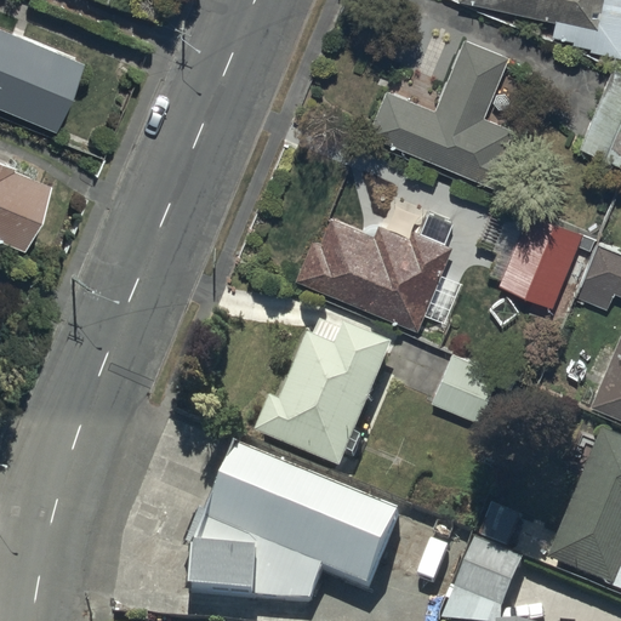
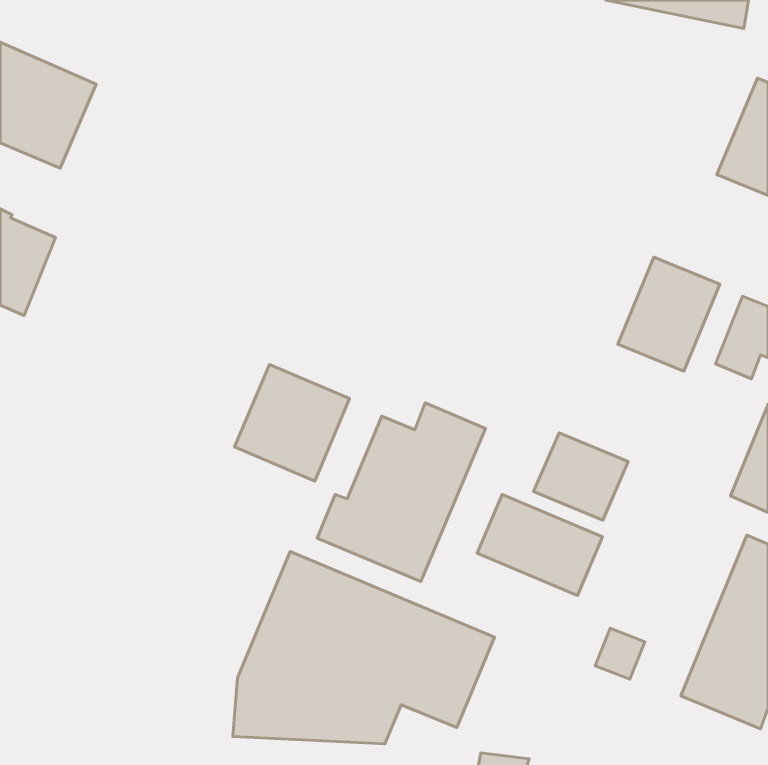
building: [366,33,512,183] -> none
building: [296,212,452,325] -> none
building: none -> [235,364,350,481]
building: none -> [477,495,602,595]
building: [455,542,523,611] -> none

